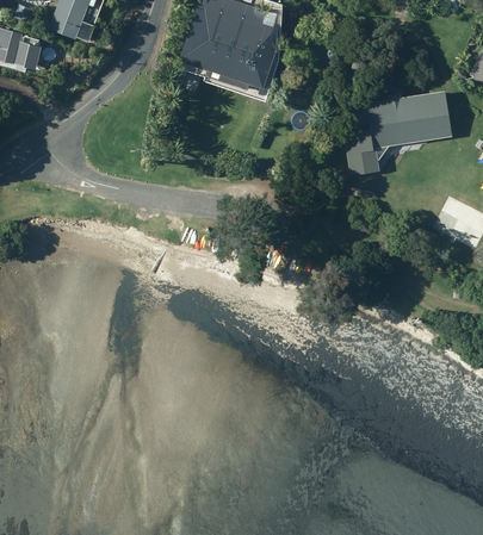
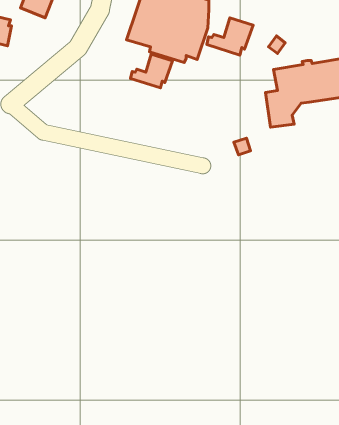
building: none -> [207,18,253,55]
building: none -> [130,54,172,88]

